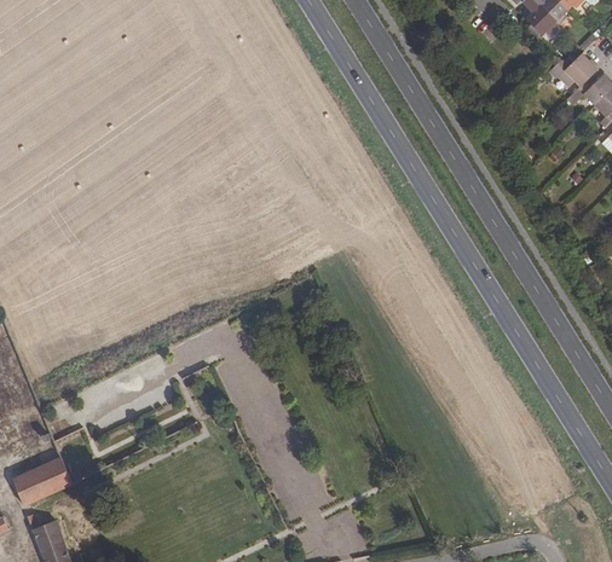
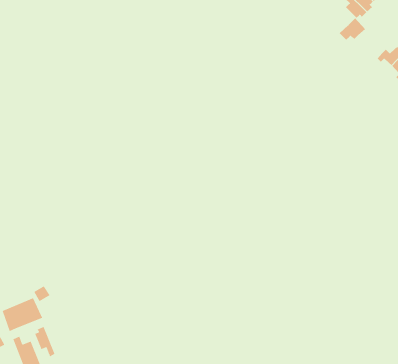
building: [554,56,594,89] -> [339,18,366,40]
building: none -> [34,326,55,357]

